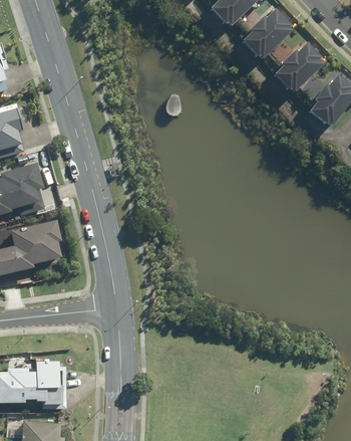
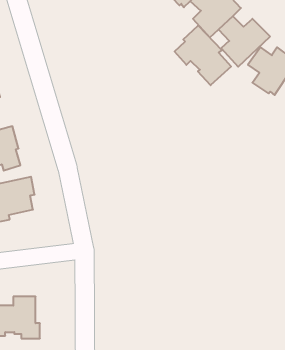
building: none -> [175,25,231,85]

